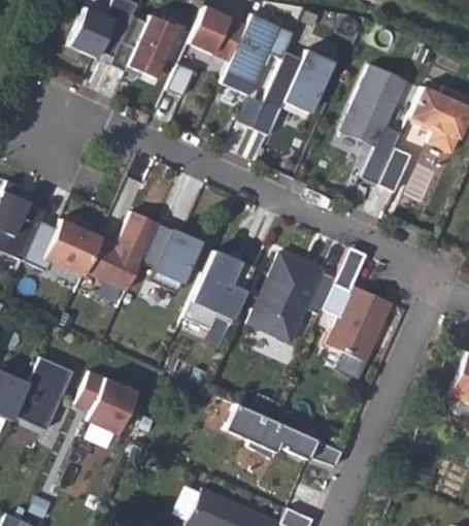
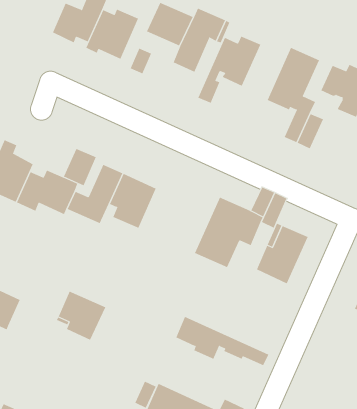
building: none -> [63,148,96,186]
building: [185,251,257,329] -> none
building: [14,357,74,430] -> none

